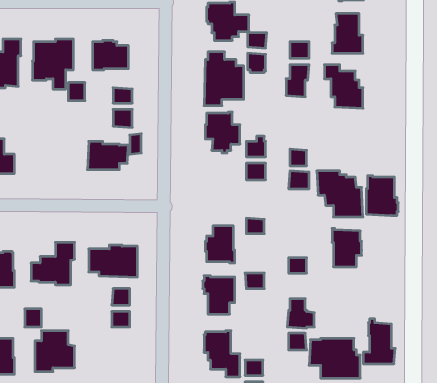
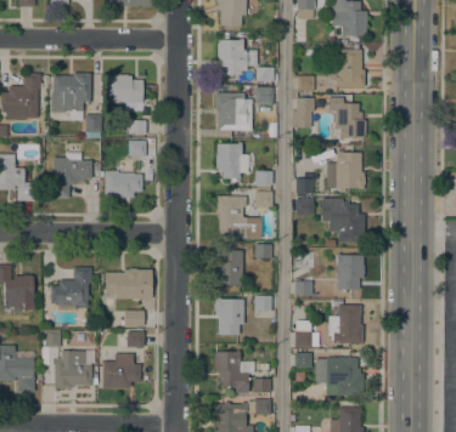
building: none -> [50,152,91,198]
building: none -> [216,195,261,238]
building: [366,176,398,215] -> [334,150,365,188]
building: [363,319,395,364] -> [332,300,362,342]
building: none -> [102,353,140,387]

